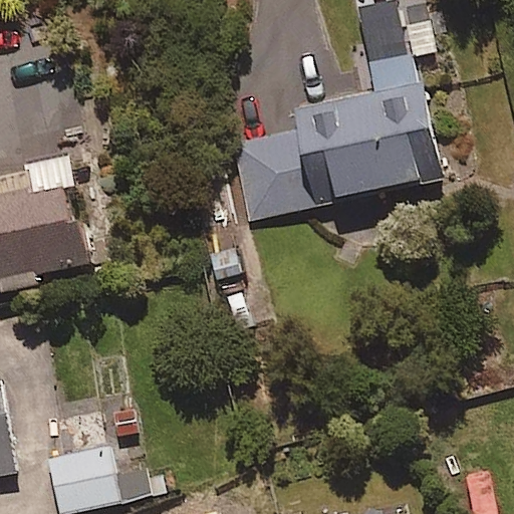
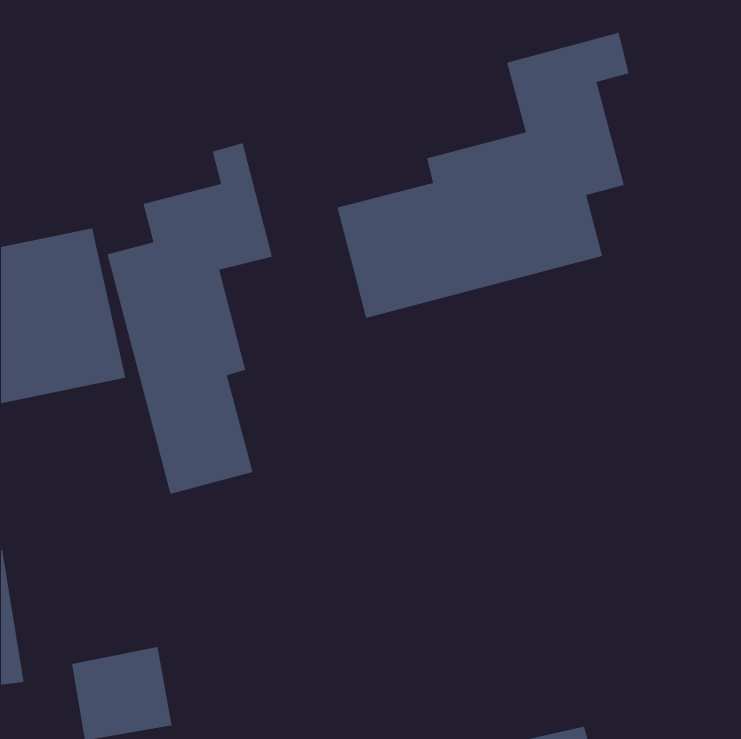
building: none -> [107,142,273,495]

